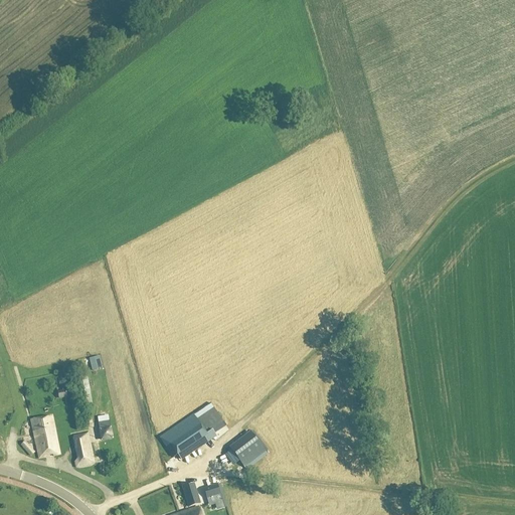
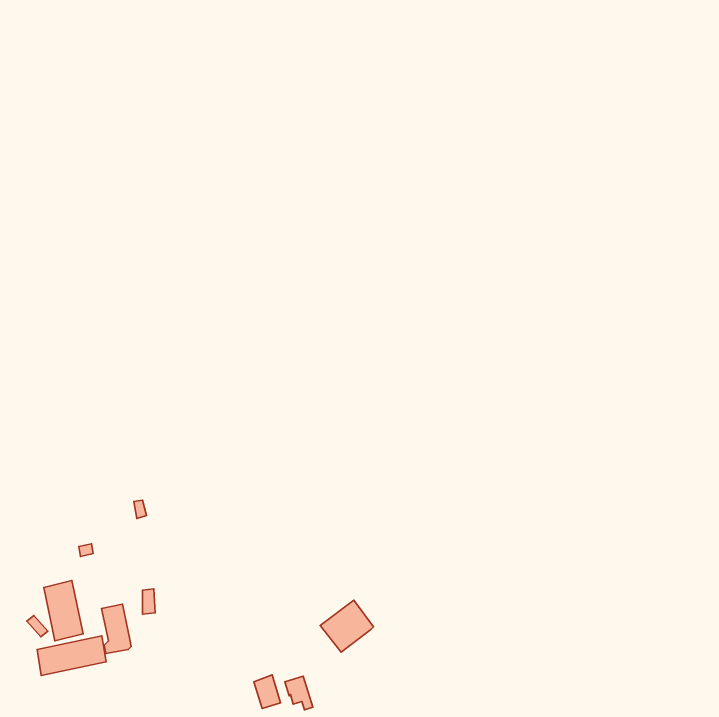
building: [159,401,223,460] -> none
building: none -> [37,636,106,676]

